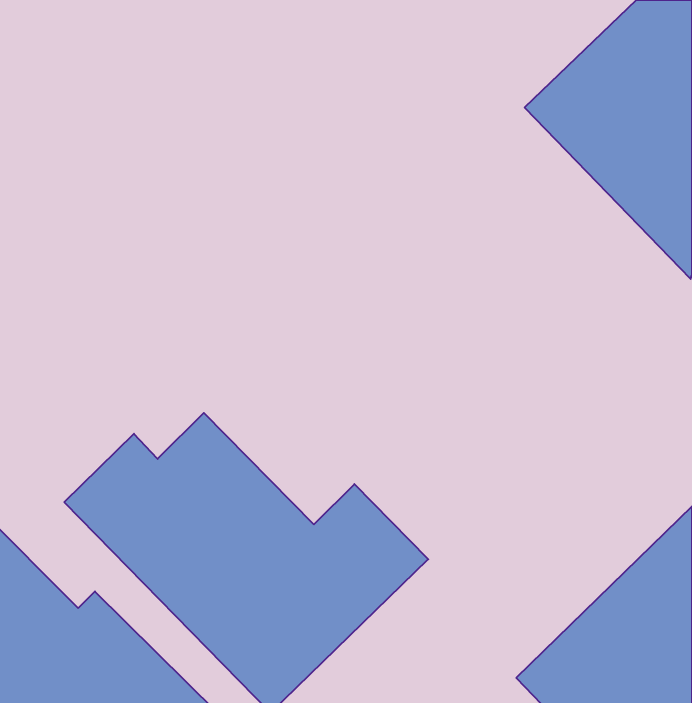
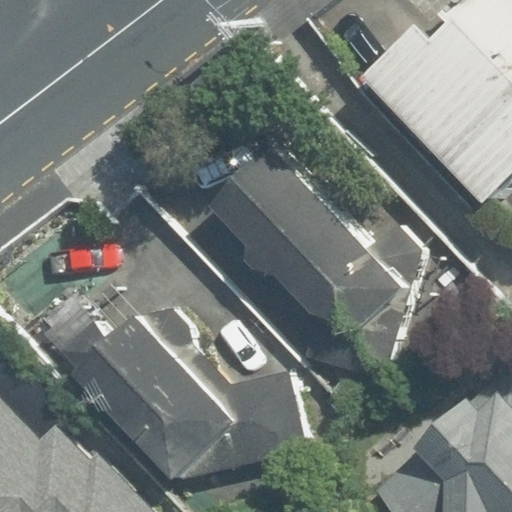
building: none -> [208,150,409,350]

